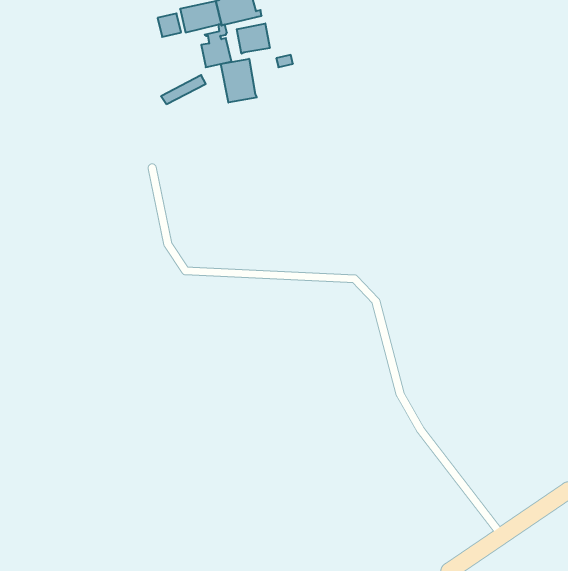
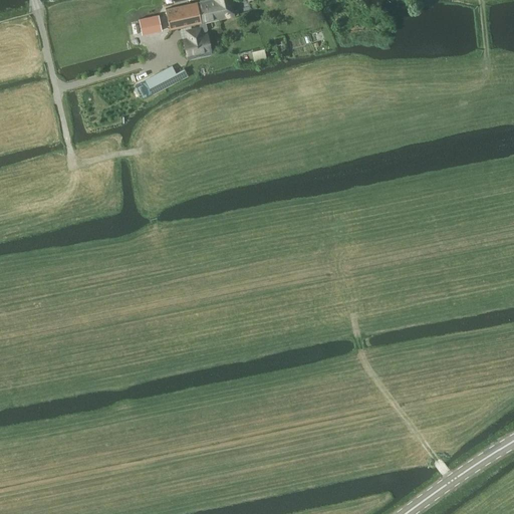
building: [237,23,270,54] -> none
building: [221,59,257,103] -> none

